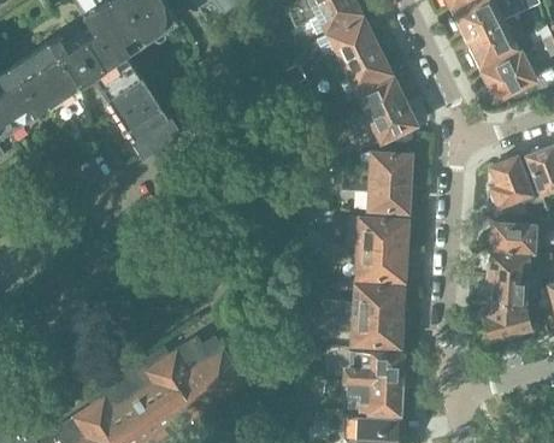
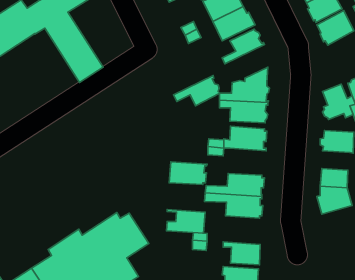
building: [350,100,417,143] -> [173,75,220,106]
building: [355,248,409,280] -> [169,162,207,185]
building: [489,252,529,279] -> none
building: [348,352,403,385] -> [166,210,205,233]

